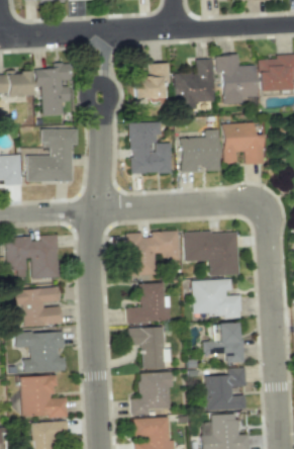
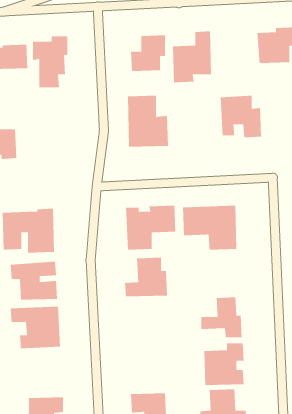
building: [216,56,258,104] -> none
building: [27,129,77,182] -> none
building: [180,129,220,172] -> none
building: [192,280,241,318] -> none
building: [128,327,170,369] -> none
building: [132,372,172,416] -> none
building: [21,375,68,418] -> none

